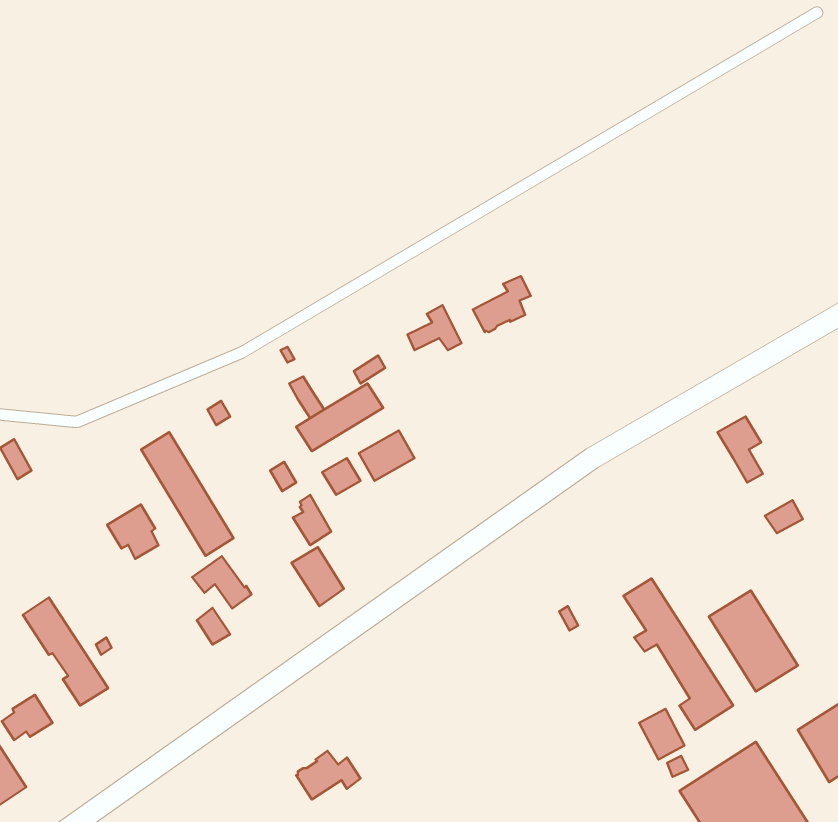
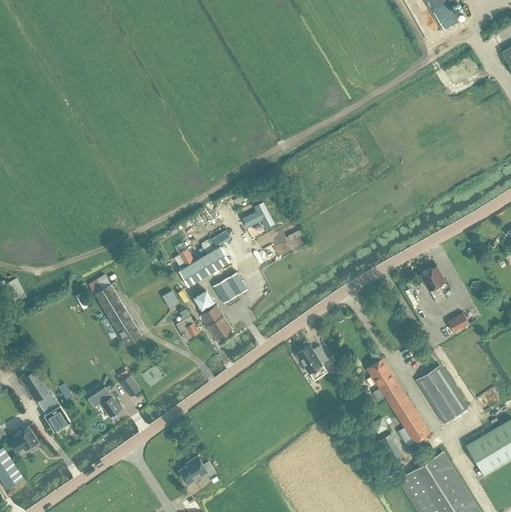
building: [473,276,531,332] -> none
building: [107,505,158,559] -> none
building: [292,547,344,606] -> [201,305,231,339]
building: none -> [296,345,327,381]
building: [192,556,251,608] -> [87,386,121,416]

